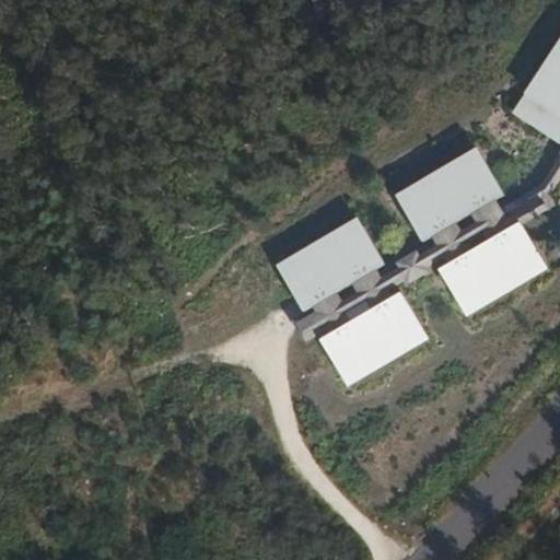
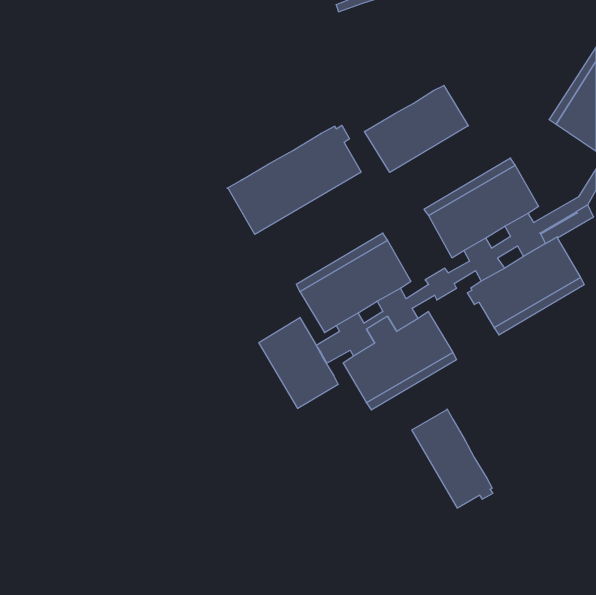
building: none -> [364,85,468,172]
building: none -> [227,125,361,234]
building: none -> [259,317,338,408]
building: none -> [412,409,493,508]

